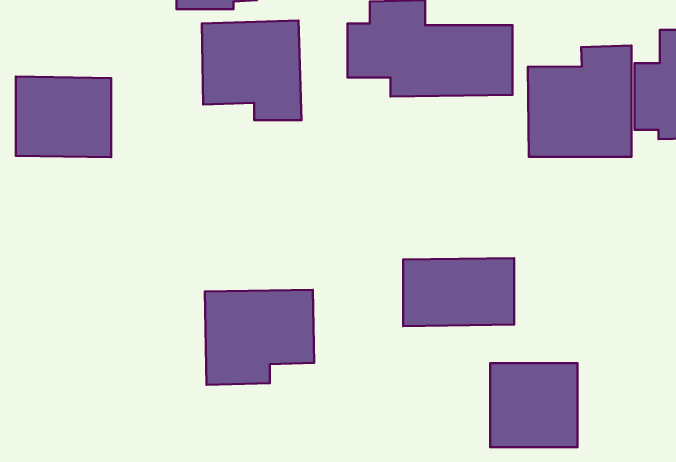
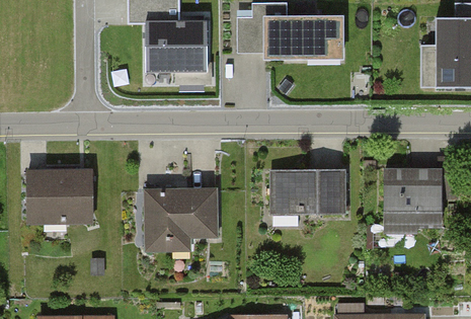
building: [528,46,632,157] -> none
building: [16,76,111,157] -> [28,168,89,220]
building: [490,363,577,447] -> [384,167,440,221]

